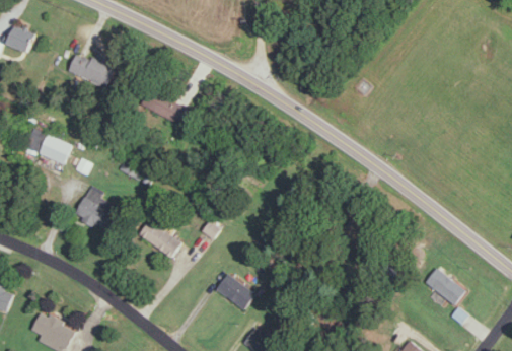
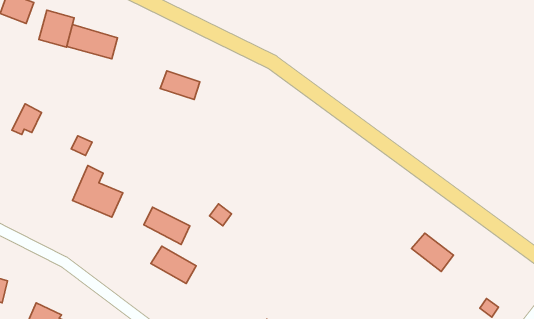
building: none -> [39,10,74,47]
building: [39,135,72,164] -> none
building: [426,270,464,305] -> [412,233,453,272]
building: [214,274,255,308] -> [151,246,196,283]

